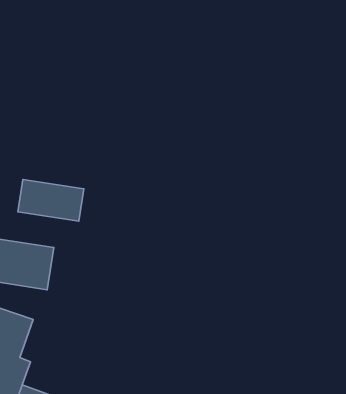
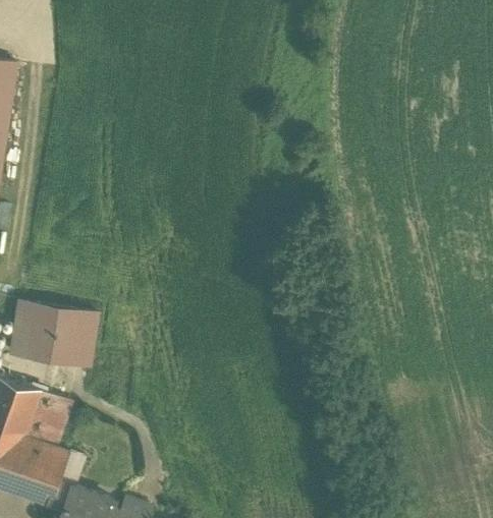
building: [18,179,84,221] -> none

